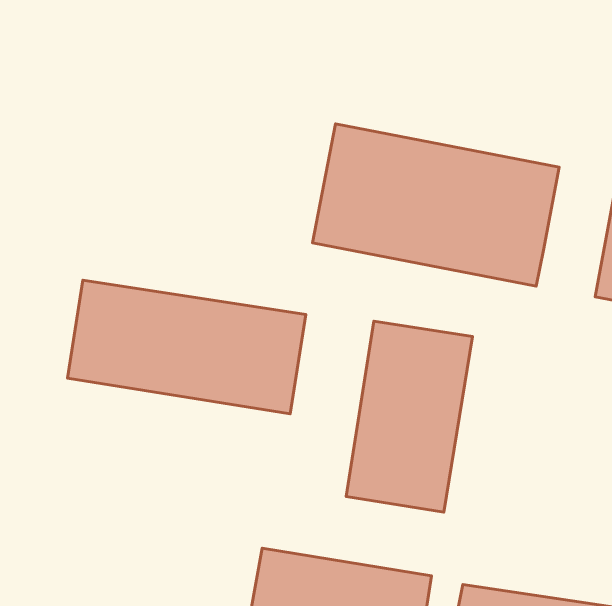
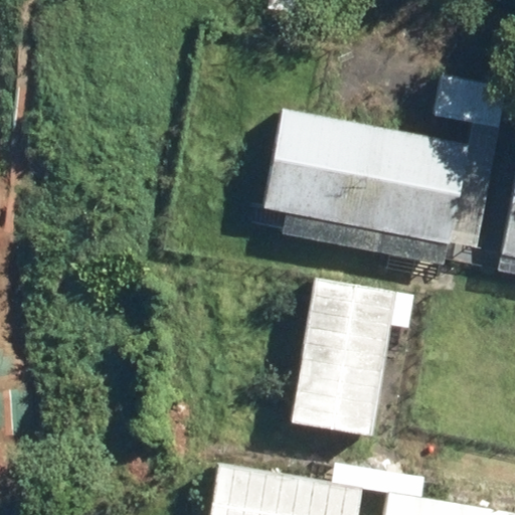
building: [67,280,306,414] -> none

